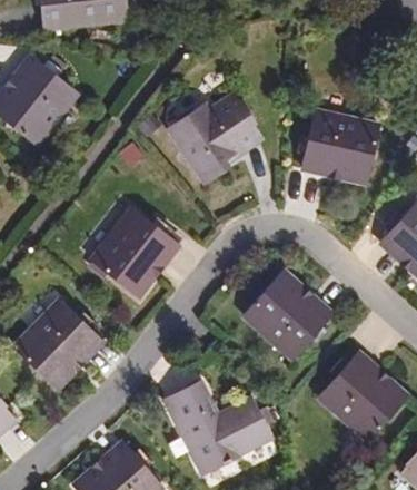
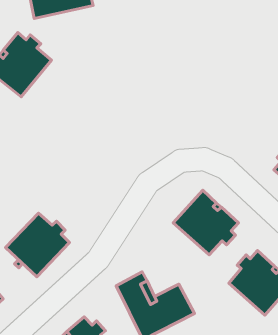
building: [169,96,259,183] -> none
building: [296,111,378,183] -> none
building: [90,208,177,296] -> none

